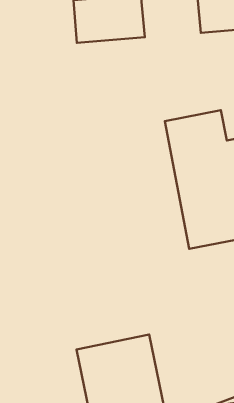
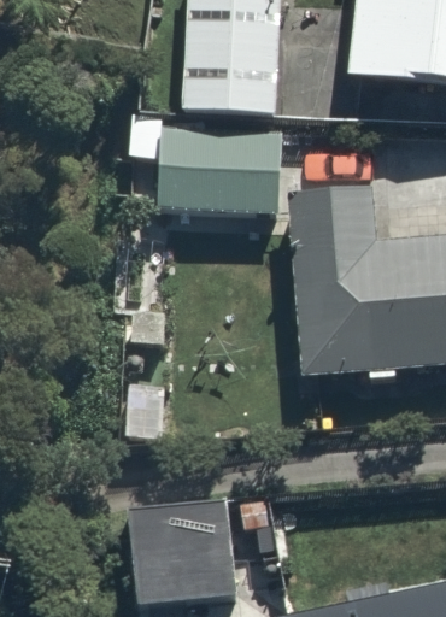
building: none -> [160,130,283,216]

